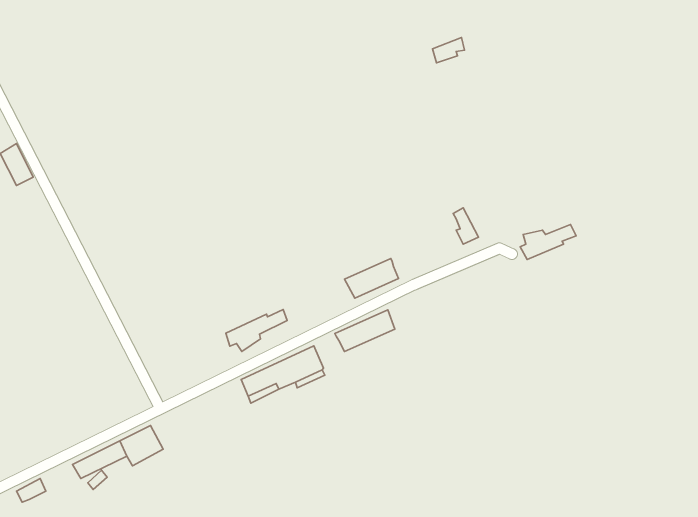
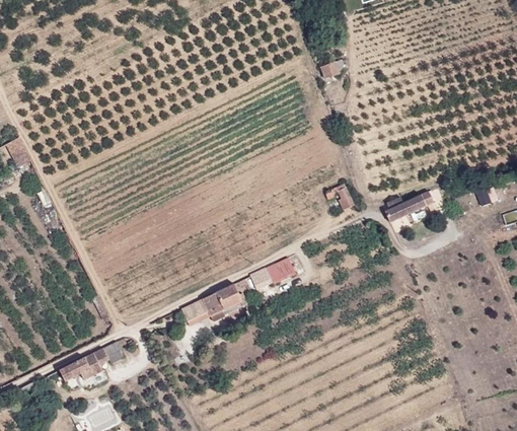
building: [345,258,399,298] -> none
building: [226,310,287,352] -> none

